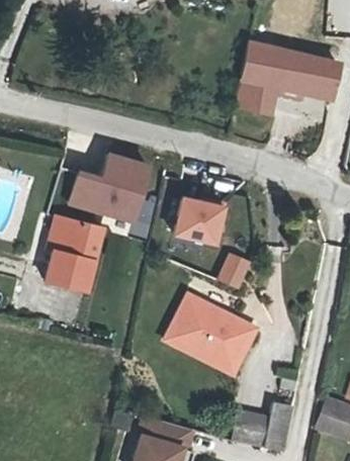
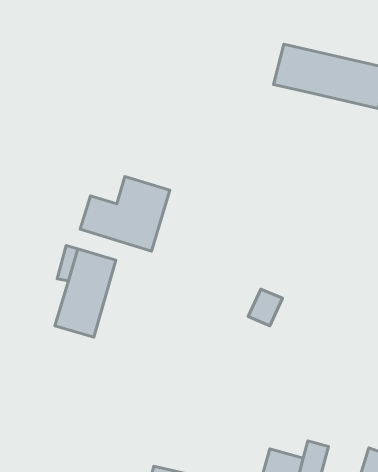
building: [236,76,277,109] -> none
building: [176,199,228,247] -> none
building: [164,303,253,383] -> none

